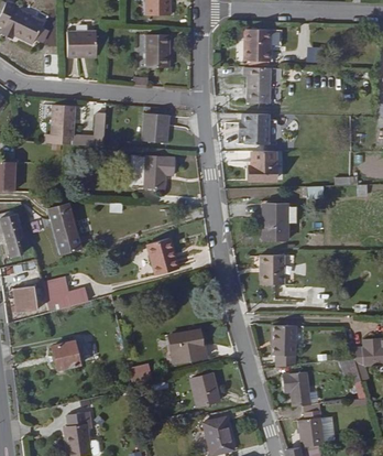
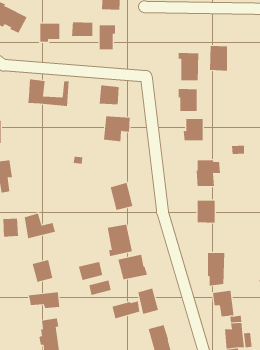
building: none -> [72,22,93,37]
building: [241,31,265,64] -> [209,45,228,71]
building: [47,196,85,248] -> none
building: none -> [107,224,132,257]
building: none -> [78,261,103,281]
building: none -> [28,292,60,309]
building: none -> [112,301,140,319]

